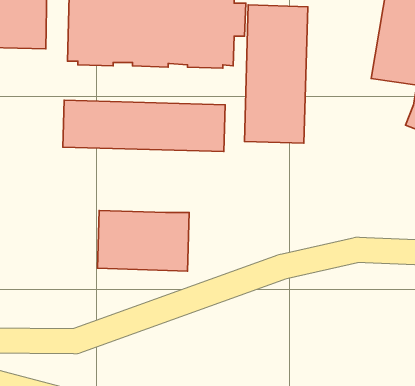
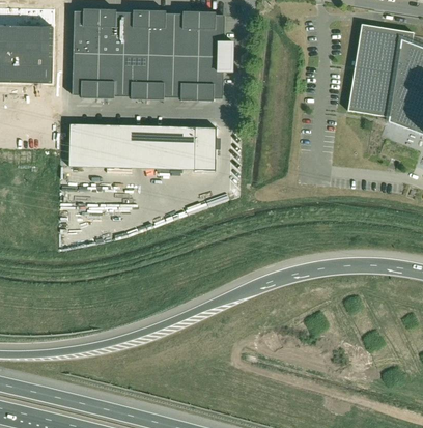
building: [244,5,308,143] -> none
building: [98,211,189,271] -> none

